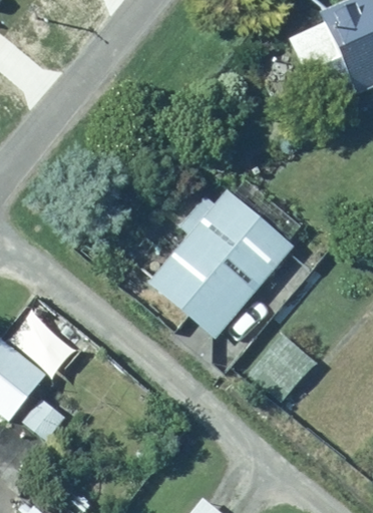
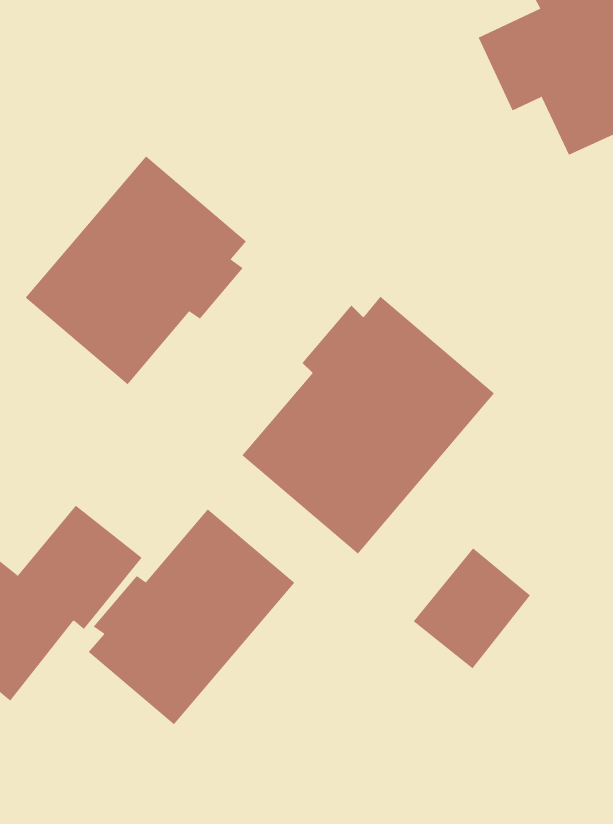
building: none -> [25,155,247,385]
building: none -> [88,508,295,725]

